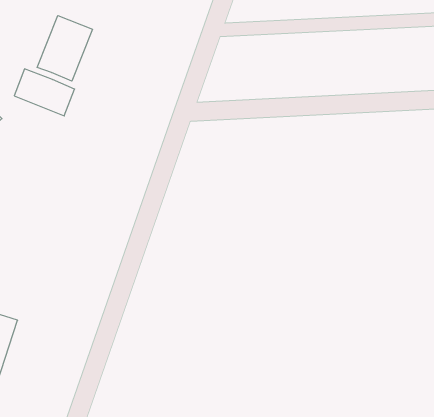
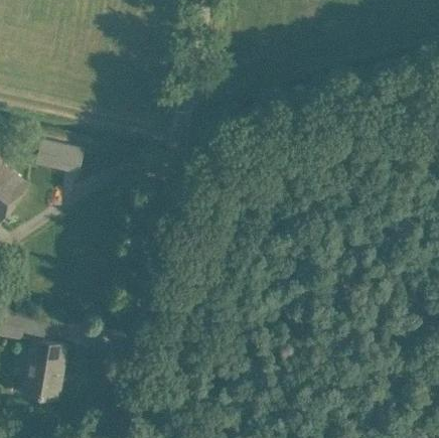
building: [37,16,93,81] -> none

